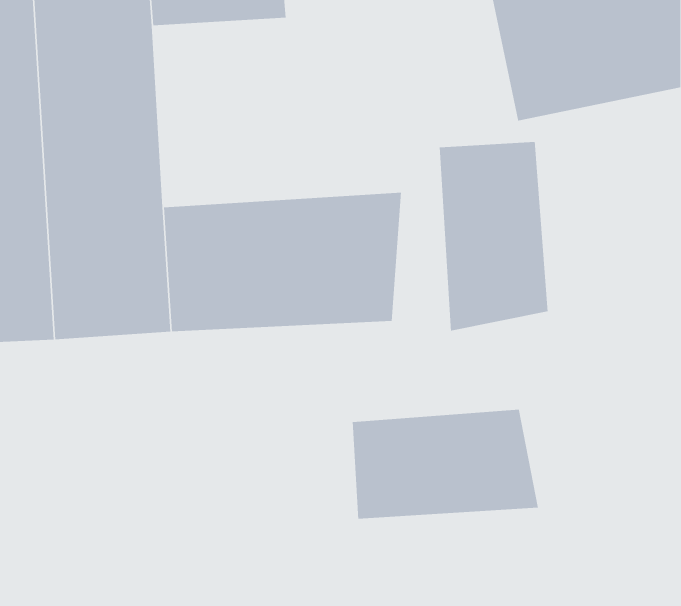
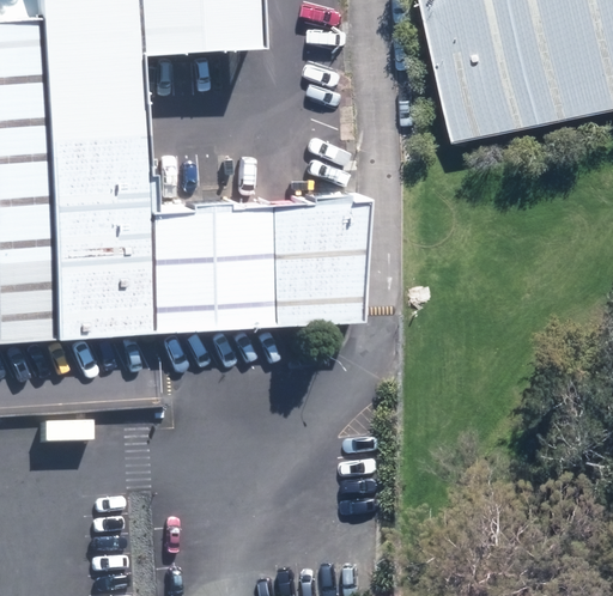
building: [439,141,548,331] -> none
building: [352,409,538,519] -> none

